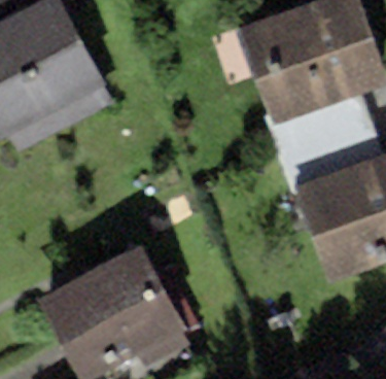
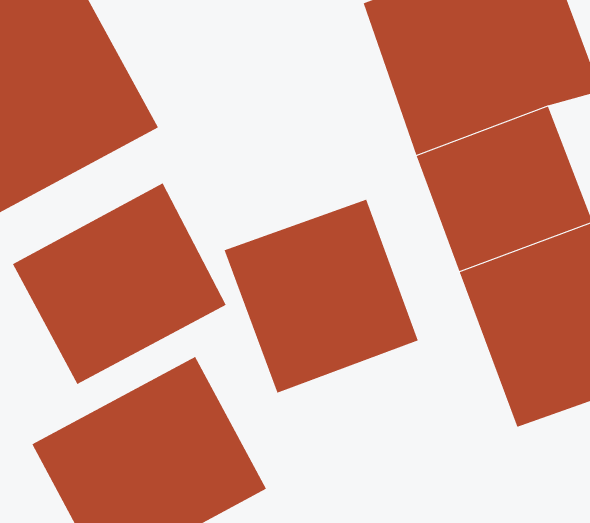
building: none -> [12,183,227,385]
building: none -> [224,199,419,393]

